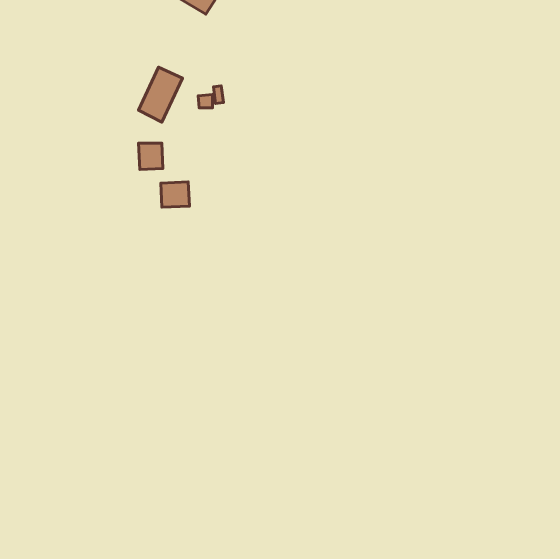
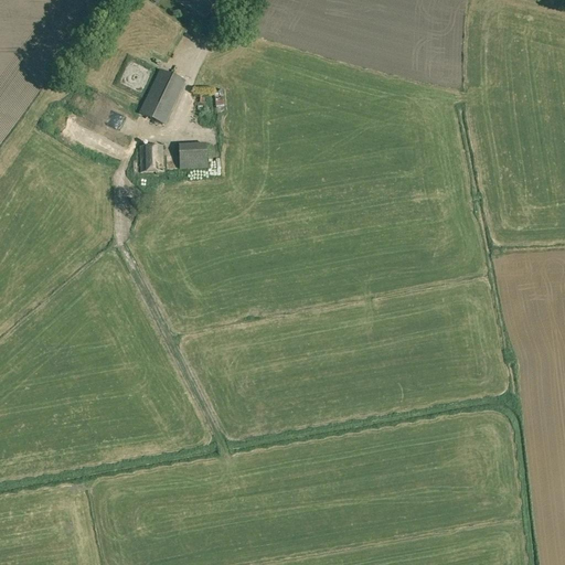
building: [161,182,189,207] -> [180,141,209,167]

